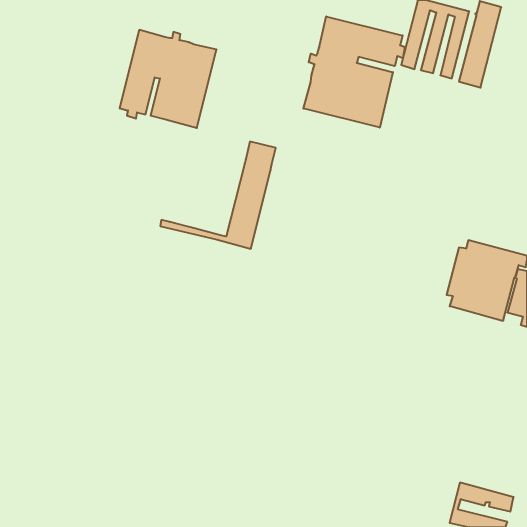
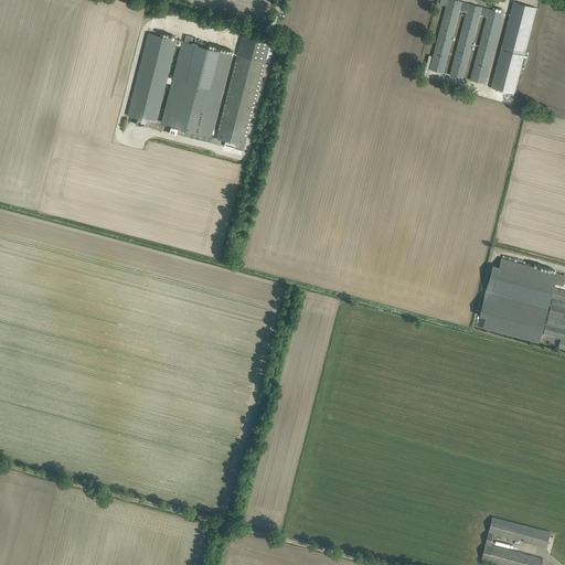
building: [303,16,405,128] -> none
building: [160,142,276,249] -> [146,36,269,151]

